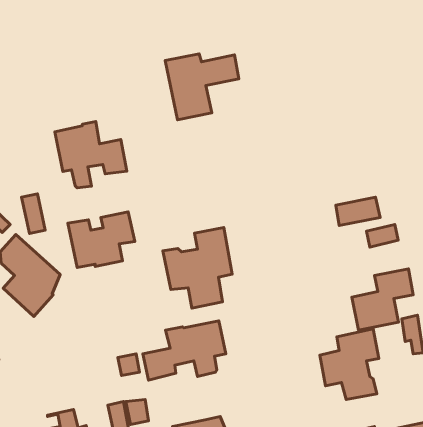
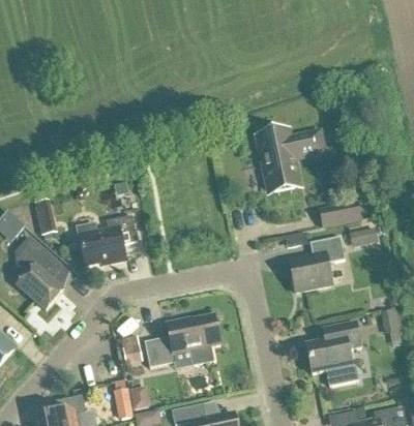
building: [165,54,239,120] -> [257,129,324,189]
building: [55,122,127,188] -> none
building: [163,228,232,308] -> none
building: [352,269,413,330] -> [289,235,345,291]

